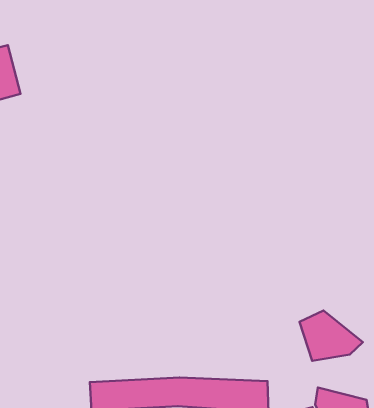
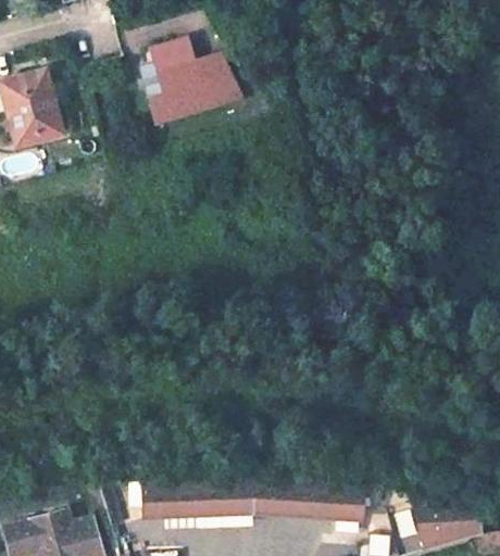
building: none -> [145,39,237,128]
building: [300,311,363,361] -> none

